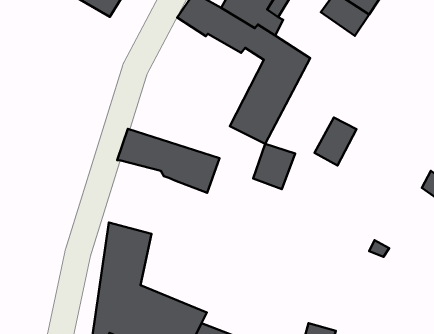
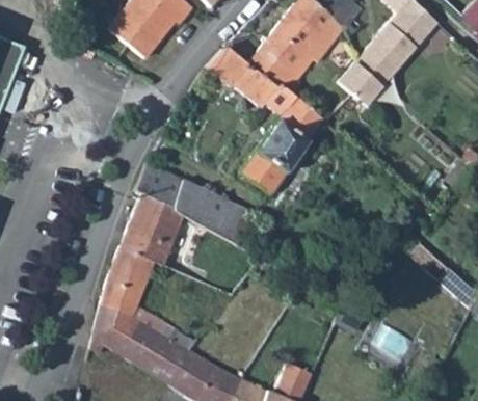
building: [315,117,356,165] -> none
building: [253,144,295,189] -> [213,200,255,244]
building: none -> [120,190,180,263]

